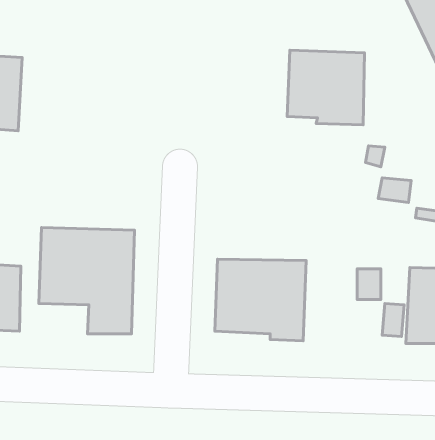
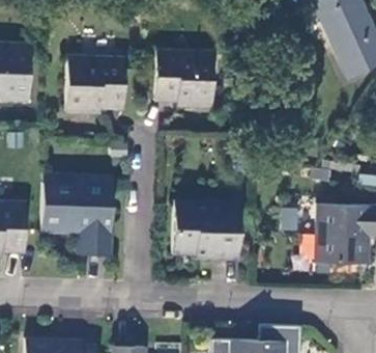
building: [287,50,365,125] -> [155,51,213,107]
building: none -> [65,56,126,111]

